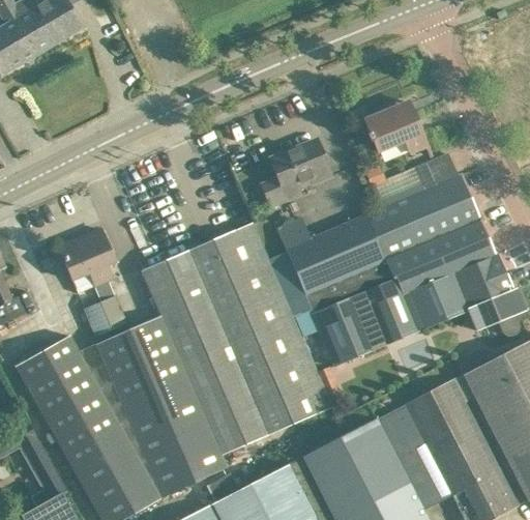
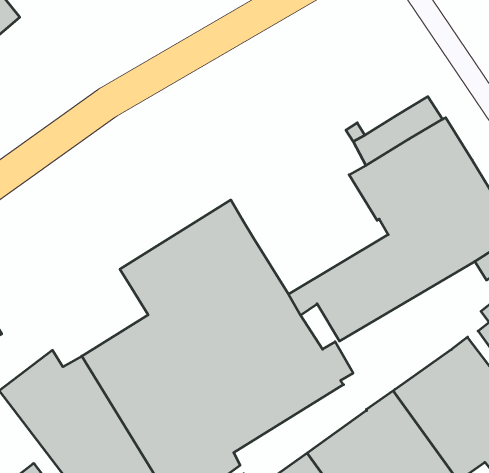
building: [365,102,428,152] -> none
building: [262,140,332,206] -> none
building: [269,214,393,316] -> none
building: [59,229,123,336] -> none

